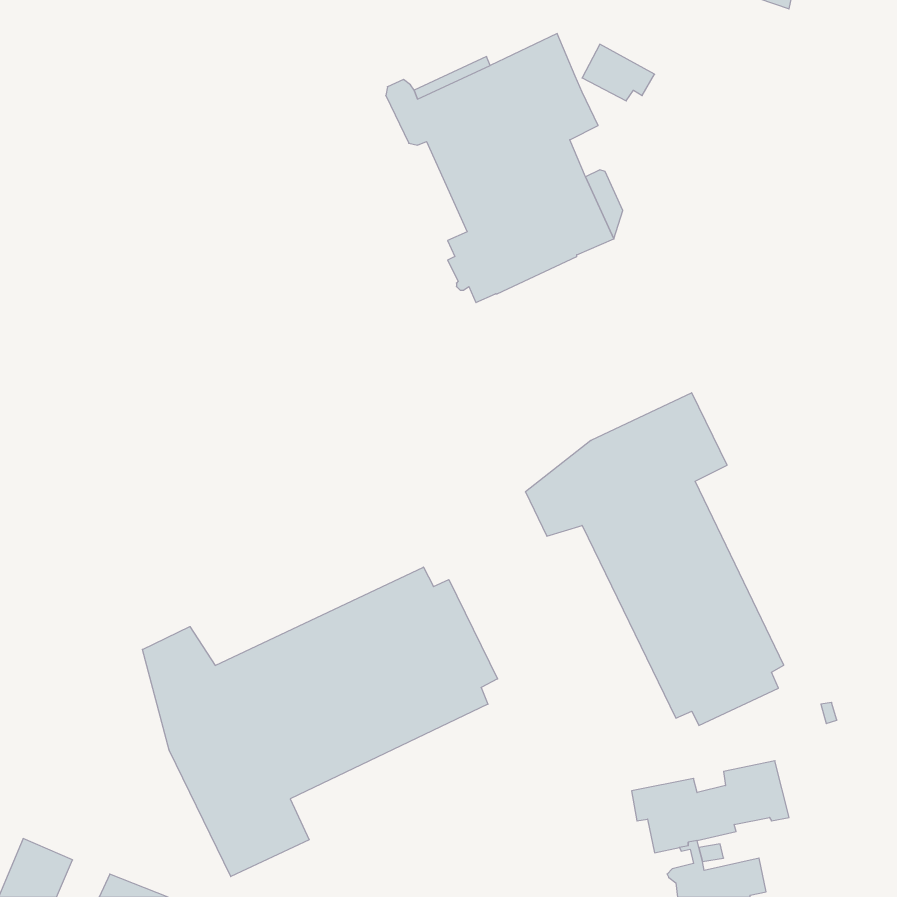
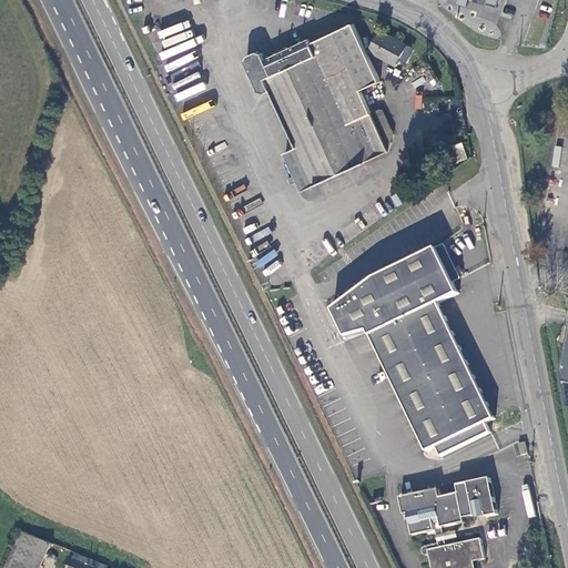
building: [142,567,498,877] -> none

